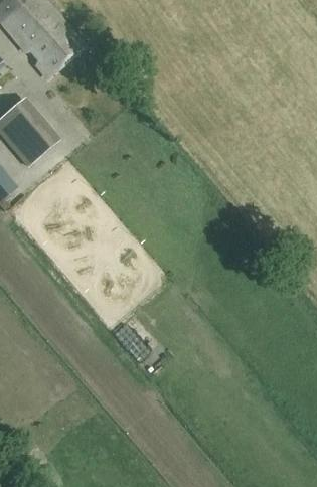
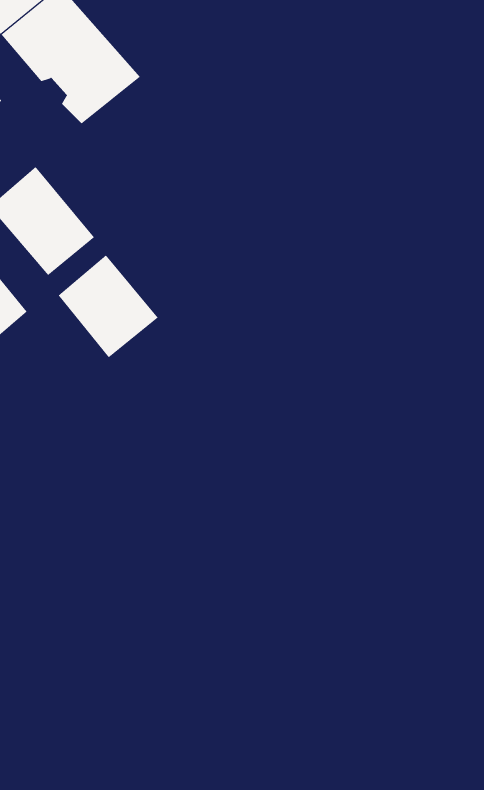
building: none -> [58,255,158,358]

